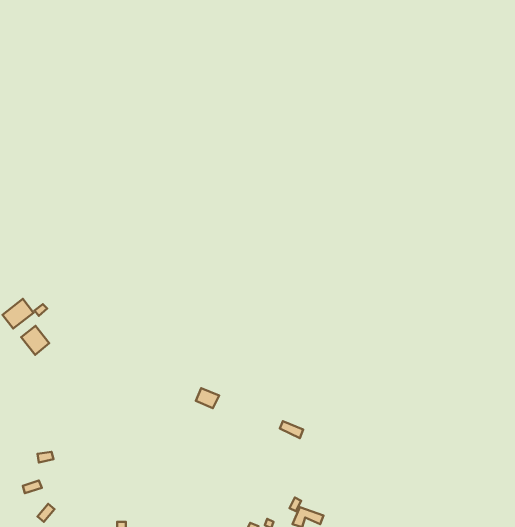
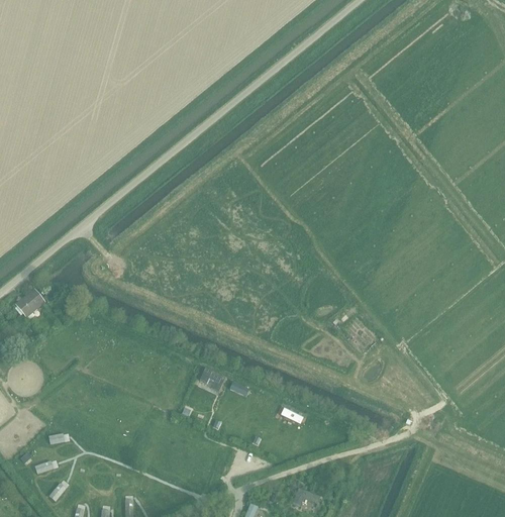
building: [21,326,49,355] -> none

